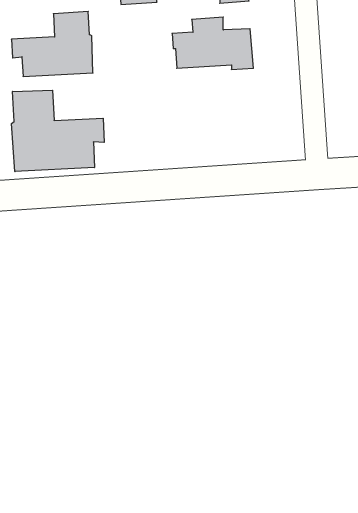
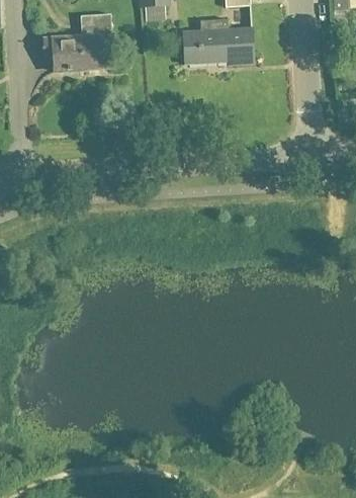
building: [12,90,104,172] -> none

